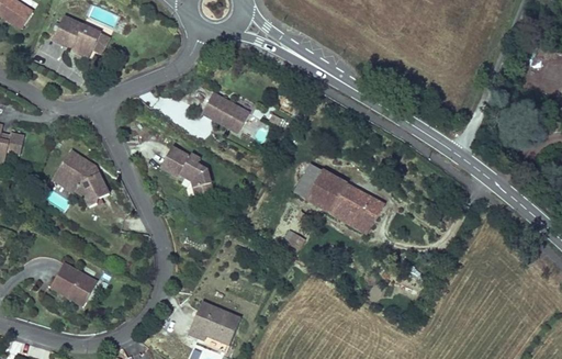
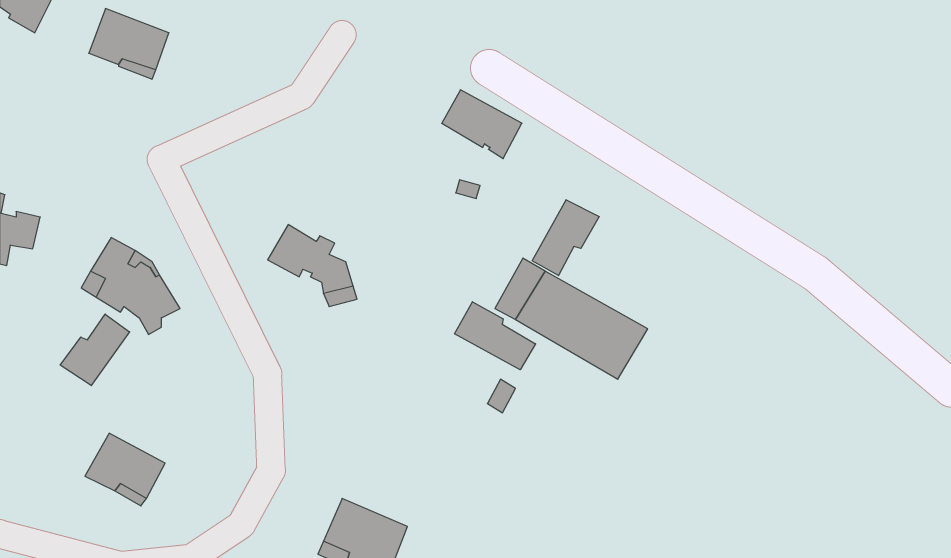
building: [203,94,250,135] -> [442,90,522,159]
building: none -> [532,200,599,276]
building: none -> [455,302,536,370]
building: none -> [60,314,130,386]

